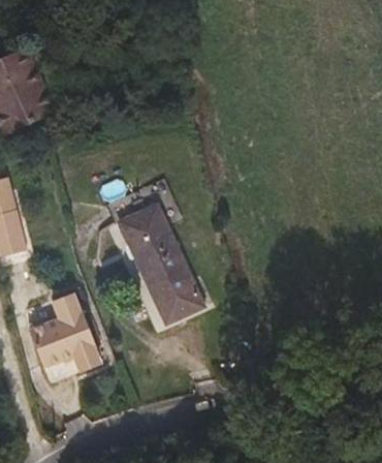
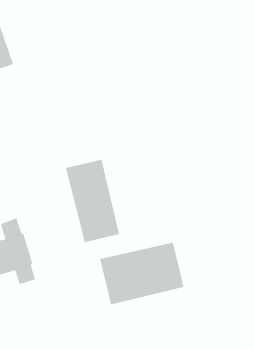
building: none -> [99,242,184,305]

